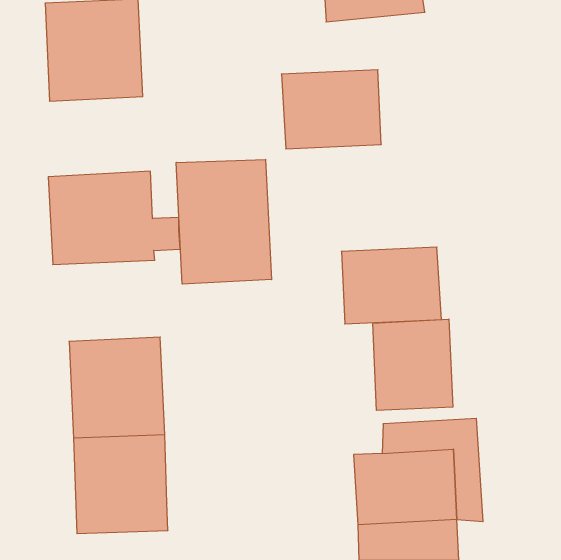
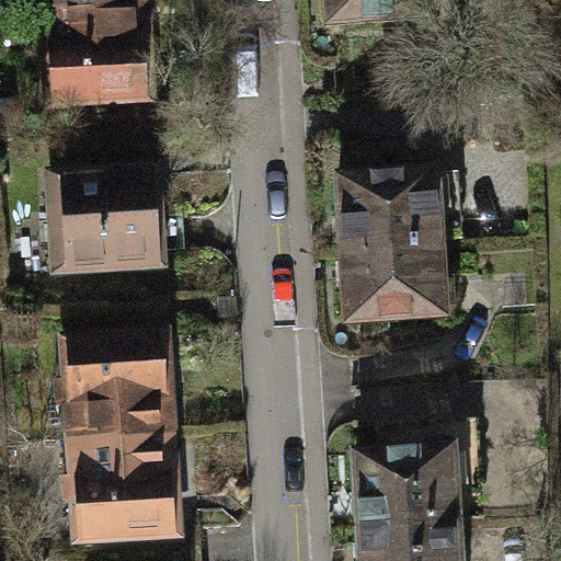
building: [281,70,381,149] -> [336,172,436,251]
building: [176,159,272,284] -> none
building: [373,319,453,410] -> none

